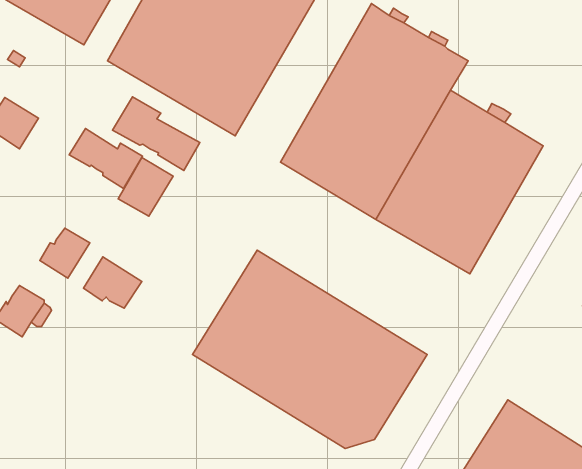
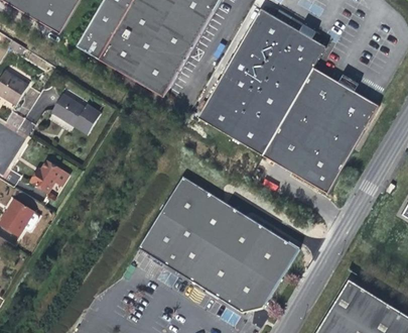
building: [113,97,200,170] -> none
building: [118,157,173,216] -> none
building: [83,257,142,308] -> none

